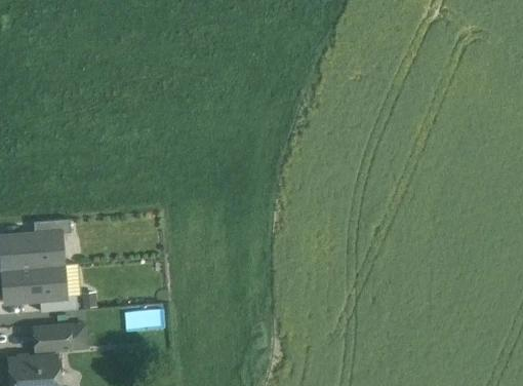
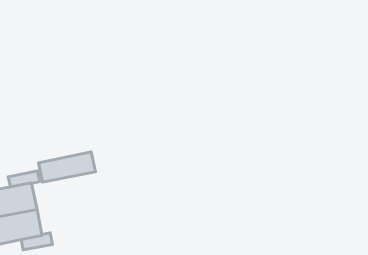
building: none -> [38,152,95,182]

